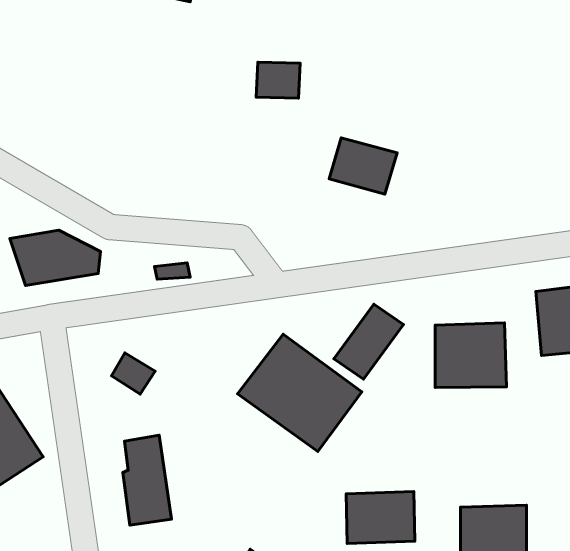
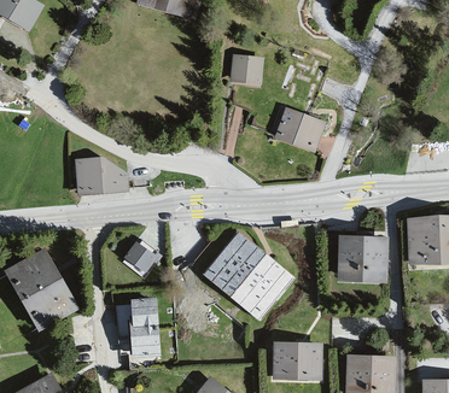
building: [334,304,404,379] -> none

